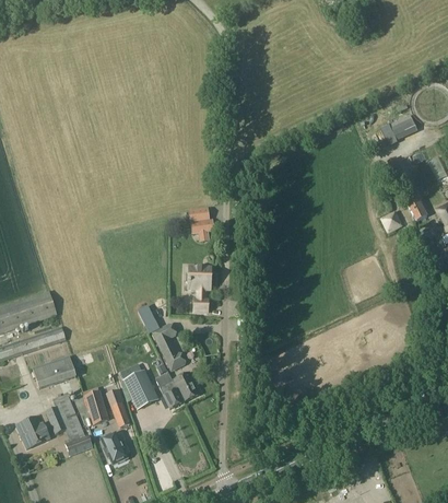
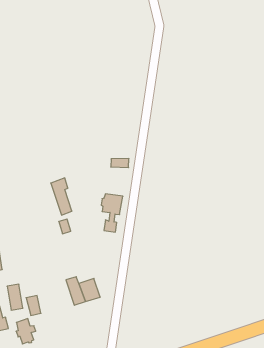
building: [152,323,182,369] -> [51,178,72,215]
building: [123,369,158,408] -> none

